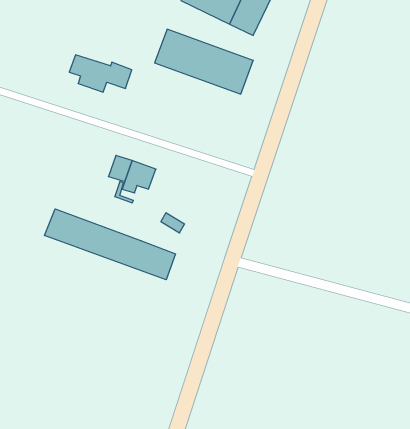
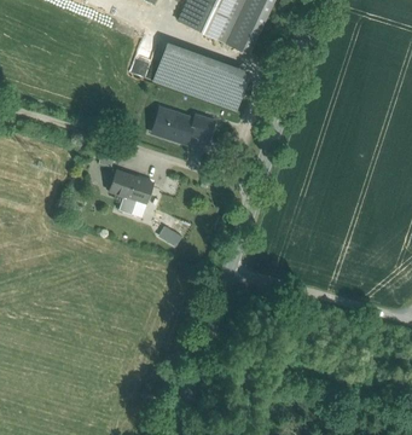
building: [69,55,132,92] -> [153,106,214,143]
building: [45,209,176,280] -> none

